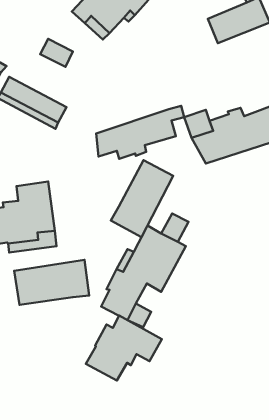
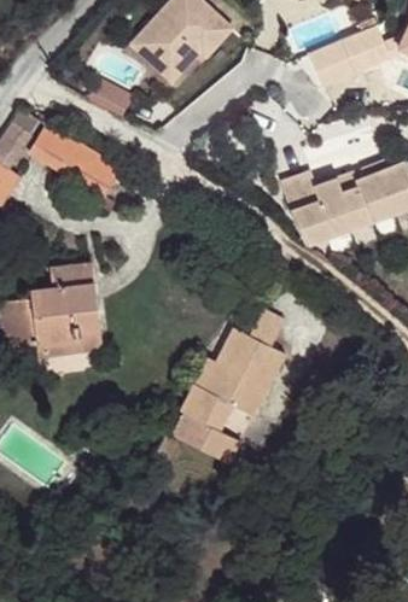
building: [96,106,184,159] -> none
building: [111,160,173,237] -> none
building: [14,260,89,305] -> none
building: [86,316,162,381] -> none

